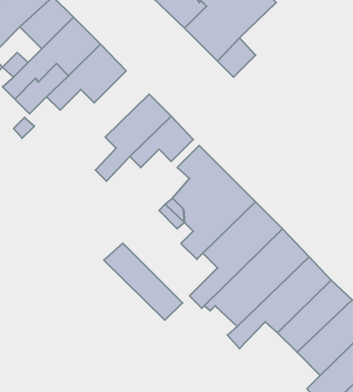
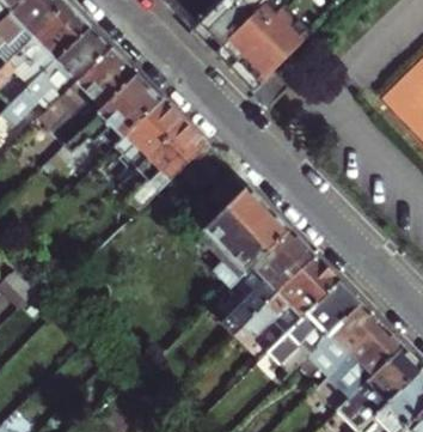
building: none -> [119,103,185,168]
building: [104,243,183,320] -> none

